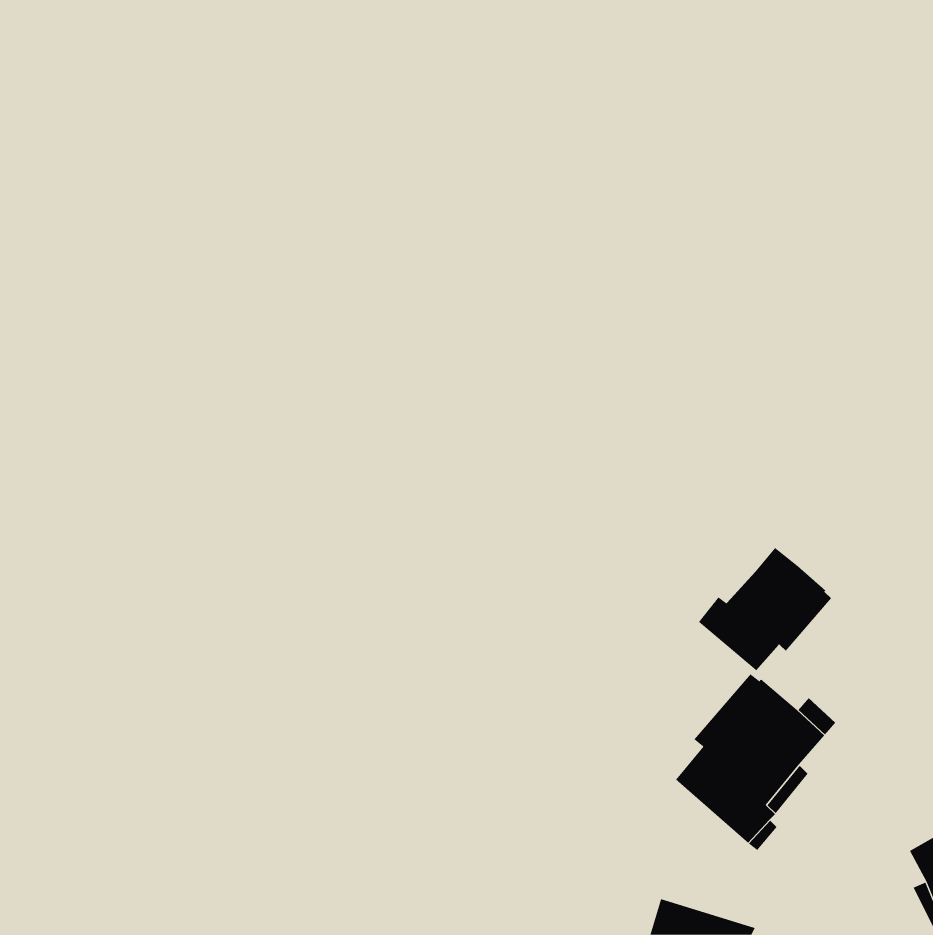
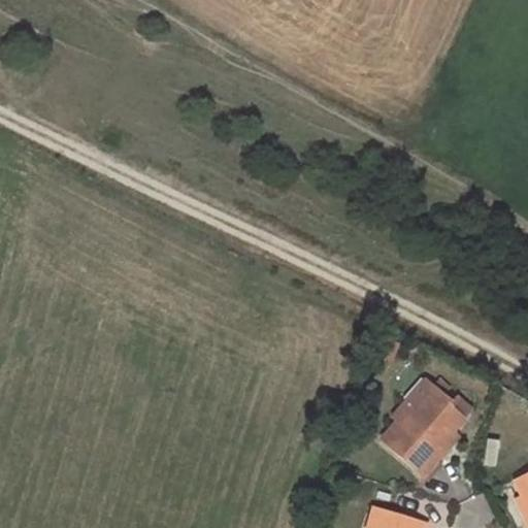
building: [698,547,832,671] -> none

